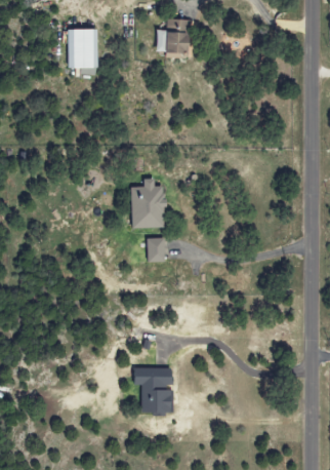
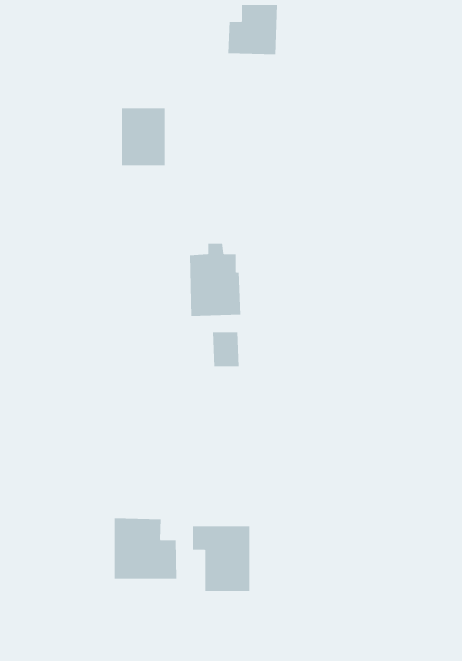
building: [69,29,98,68] -> [121,108,166,166]
building: none -> [114,517,177,579]

